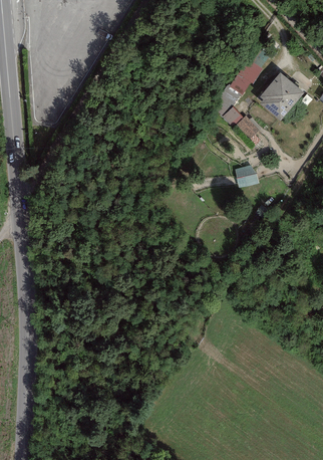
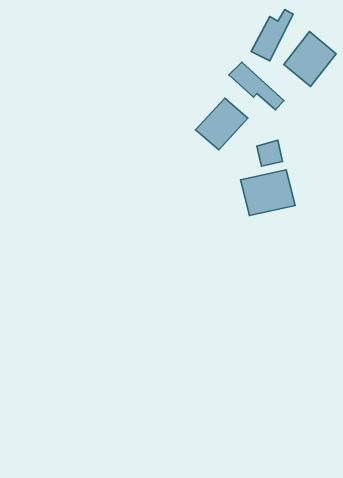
building: none -> [196,98,248,150]
building: none -> [241,170,295,216]

